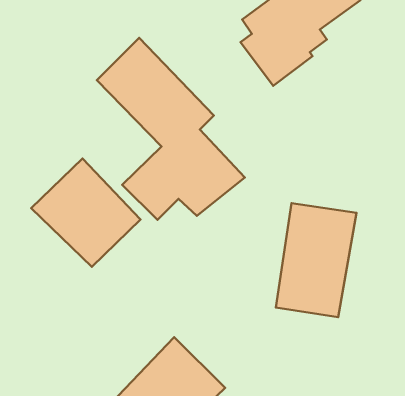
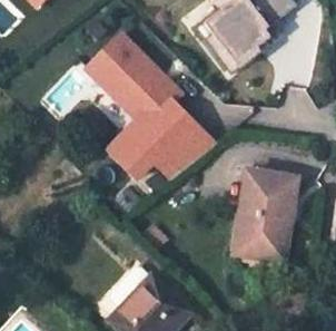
building: [31,159,141,267] -> none

